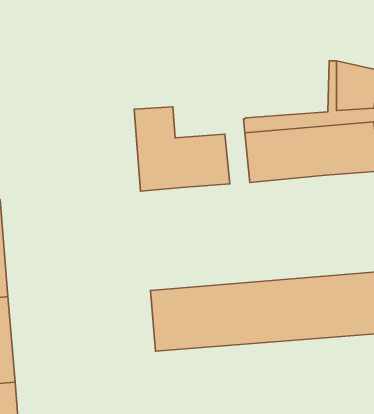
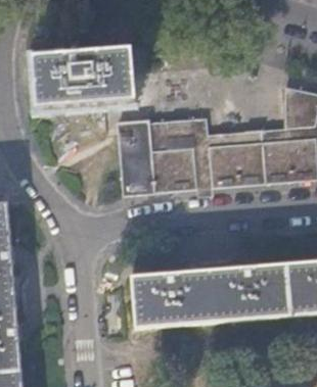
building: none -> [34,50,137,108]
building: none -> [149,119,213,188]

